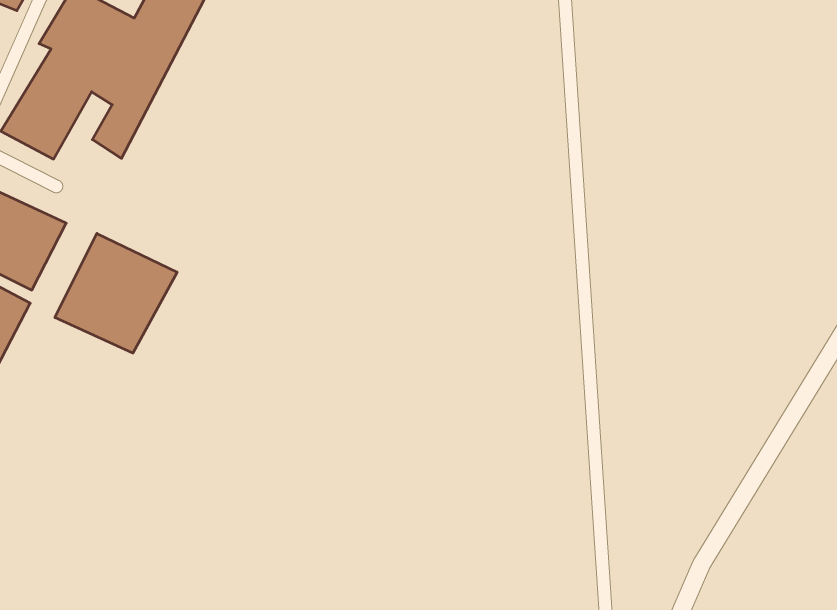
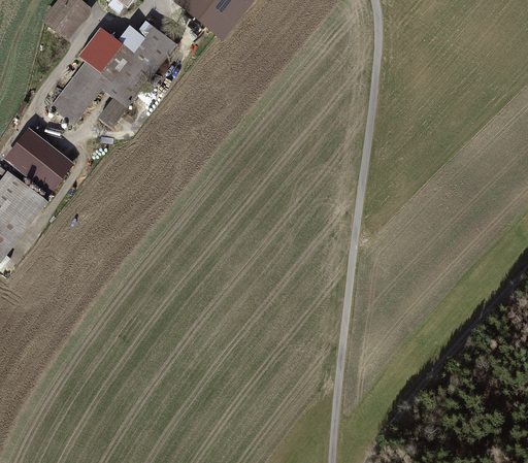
building: [55,233,177,353] -> none

